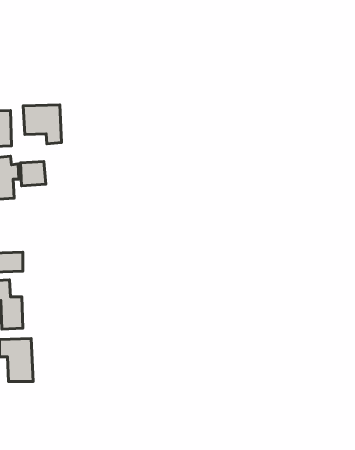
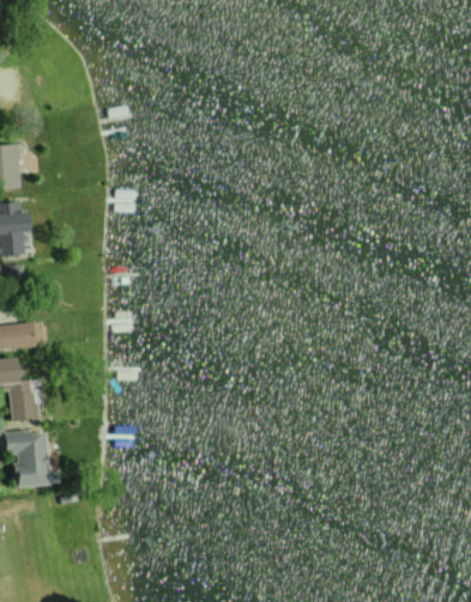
building: [23,105,61,144] -> none
building: [20,162,46,186] -> none

